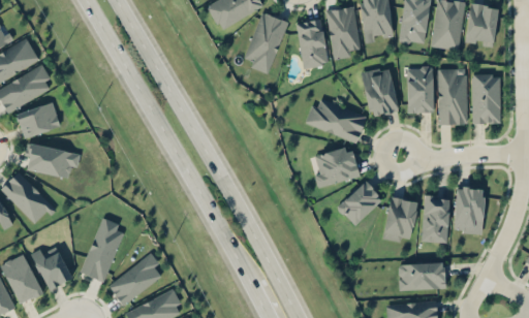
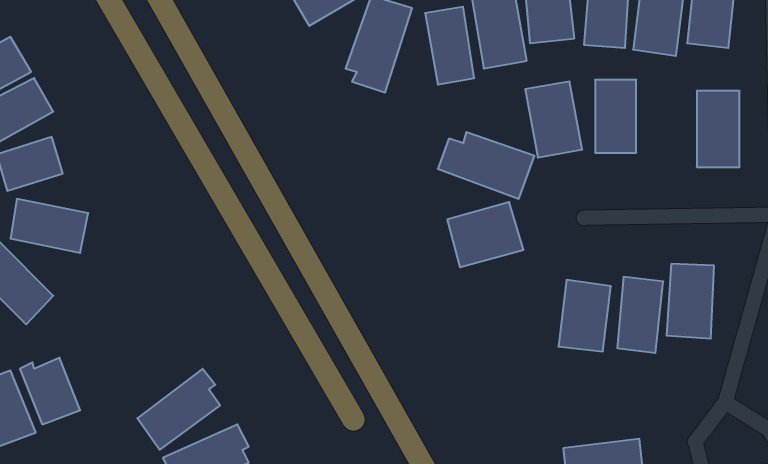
building: [438,68,466,125] -> none
building: [337,180,382,225] -> none
building: [81,218,124,283] -> none
building: [398,262,445,290] -> none

